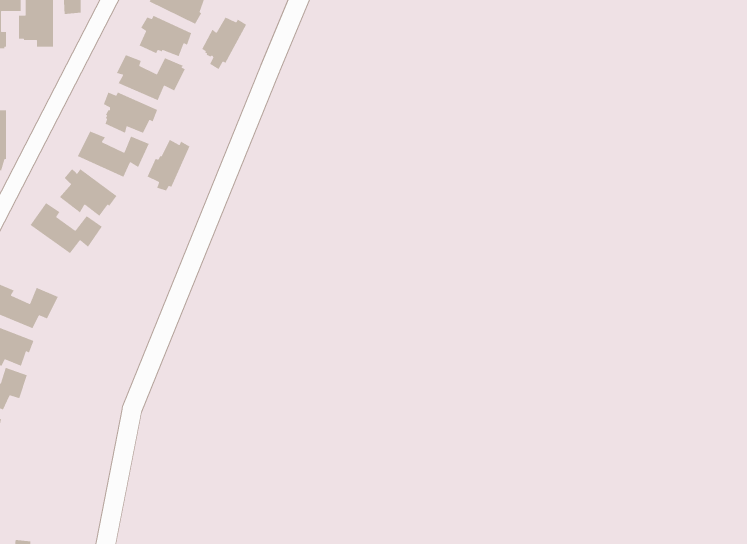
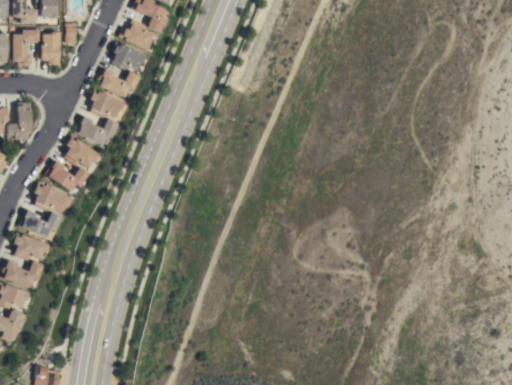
building: [201,17,247,70] -> none
building: [147,139,190,191] -> none
building: none -> [34,184,68,211]

